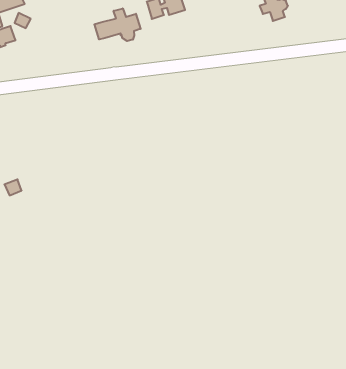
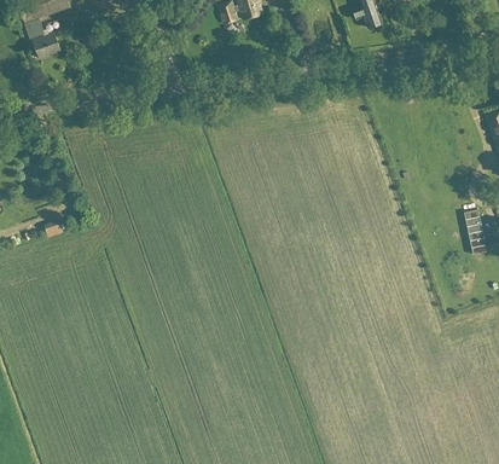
building: [94,8,141,41] -> none

